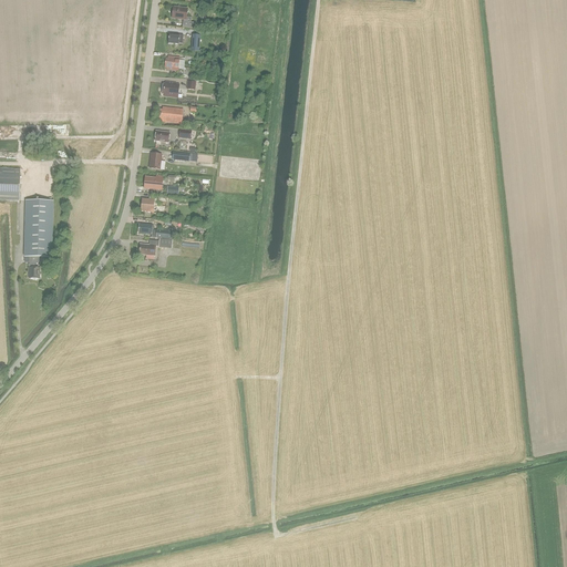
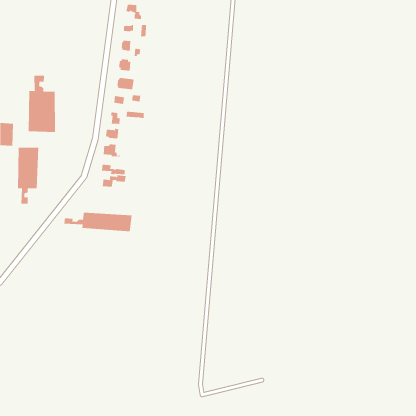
building: none -> [28,75,55,133]
building: none -> [64,212,132,232]

